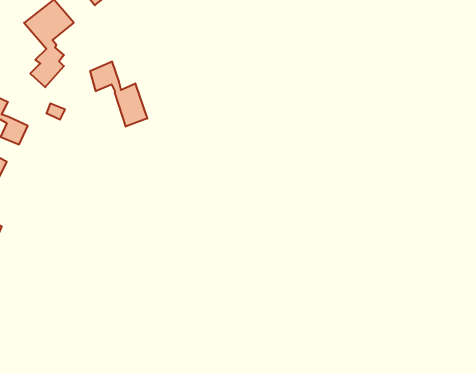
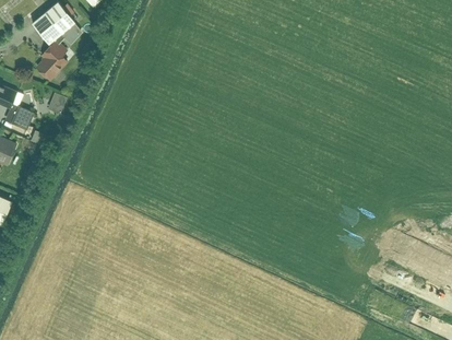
building: [90,61,147,127] -> none

